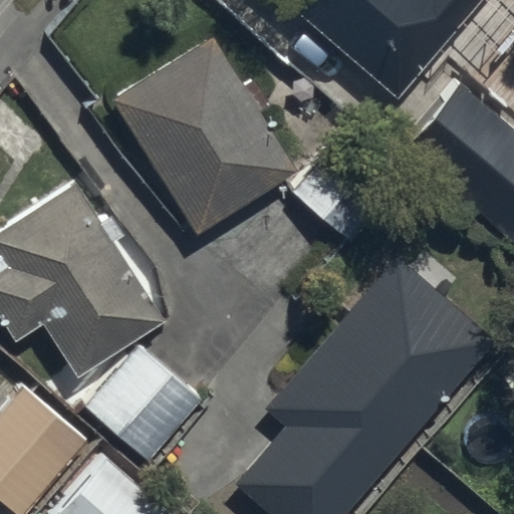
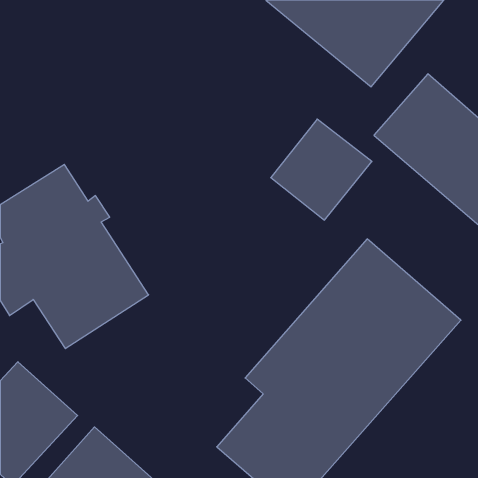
building: [109,36,299,234] -> none
building: [92,342,212,458] -> none

